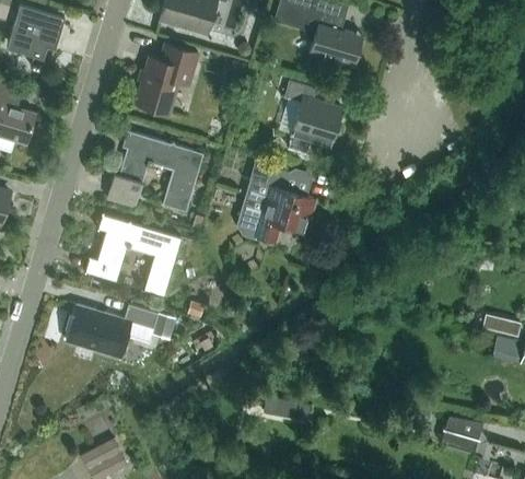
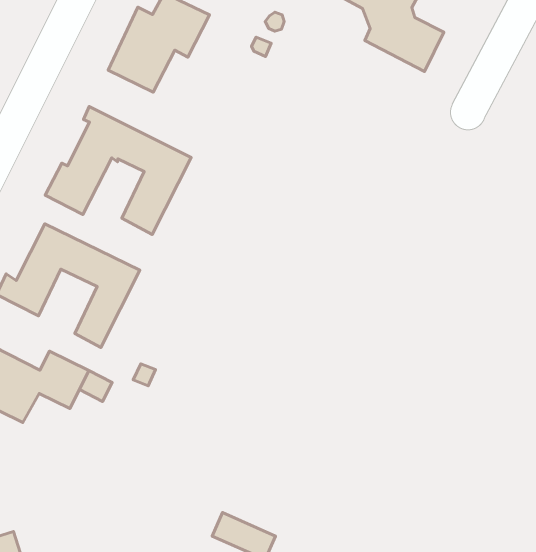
building: [278,81,342,150] -> none
building: [236,162,315,242] -> none

